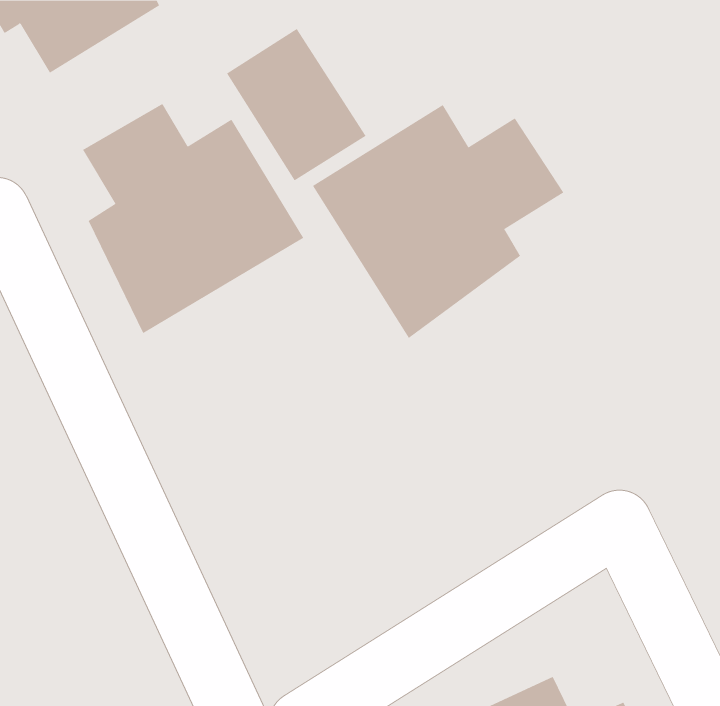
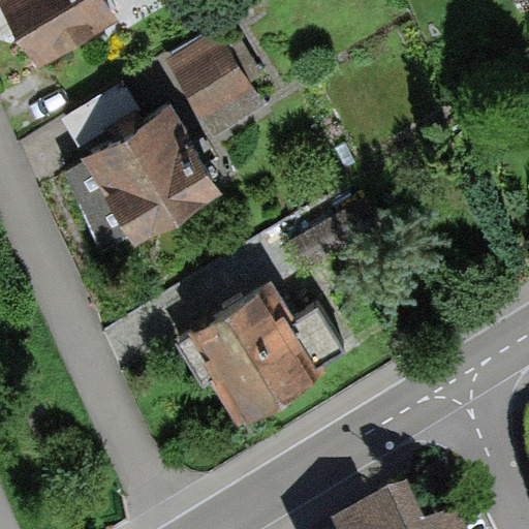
building: [312,104,564,339] -> none
building: none -> [187,282,321,422]

